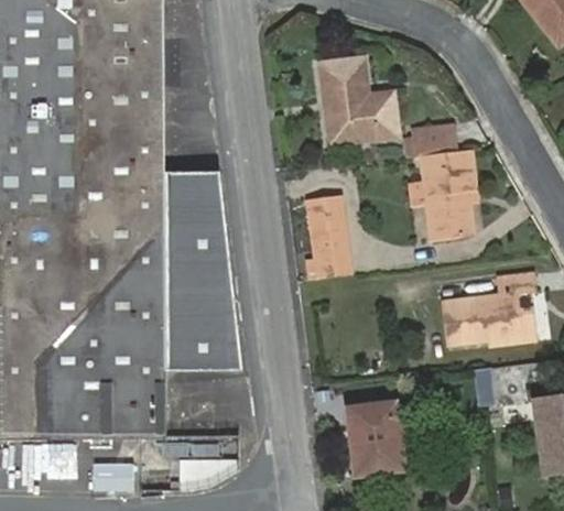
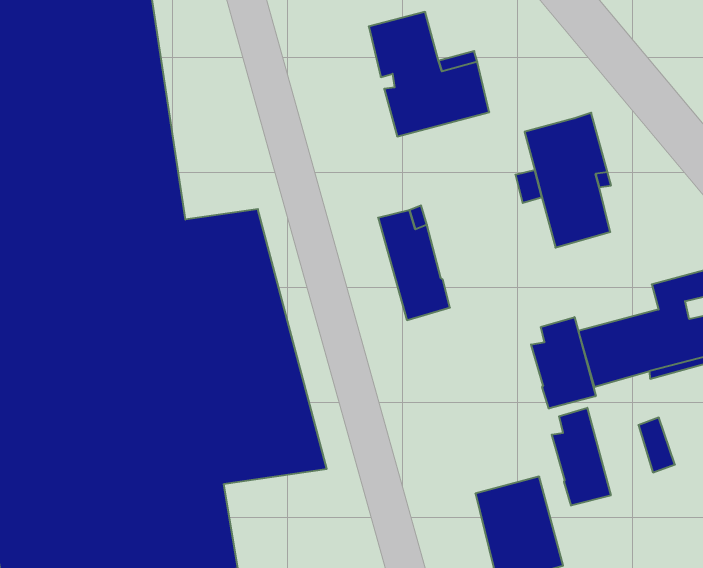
building: [409,120,457,152] -> none
building: none -> [531,317,596,409]
building: none -> [552,408,611,506]

